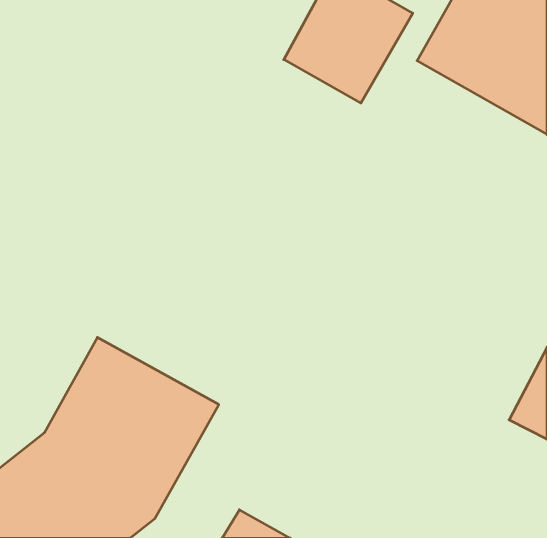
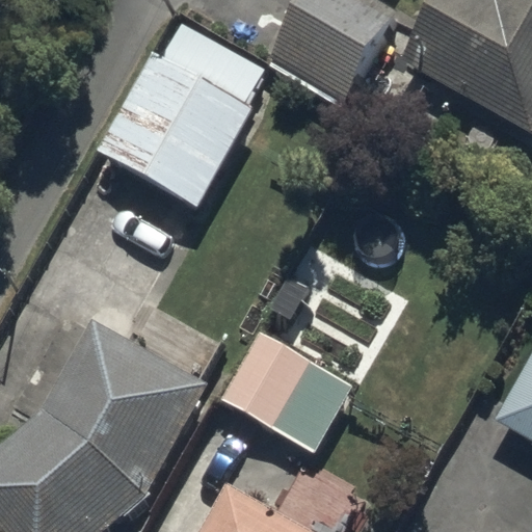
building: none -> [95,19,263,212]
building: none -> [217,331,349,451]

